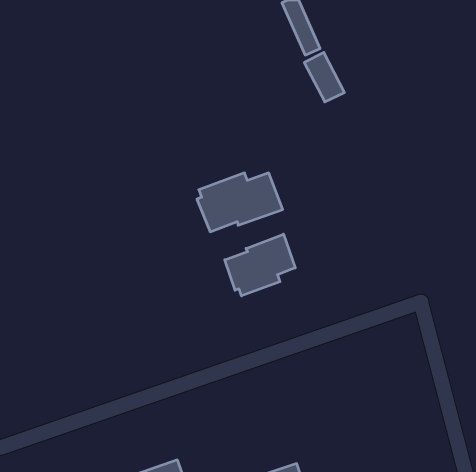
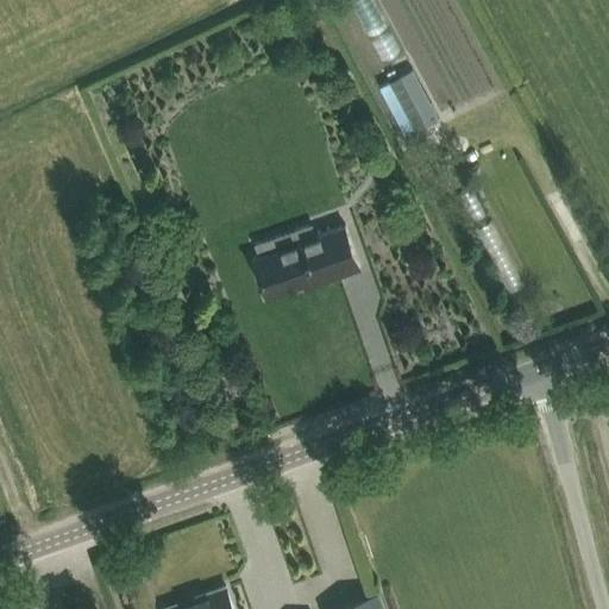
building: [225,234,295,296] -> none

